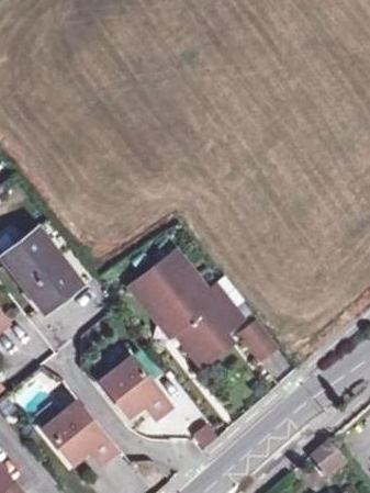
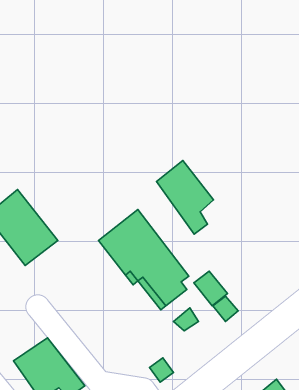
building: none -> [156,160,214,234]
building: [94,357,168,417] -> none

